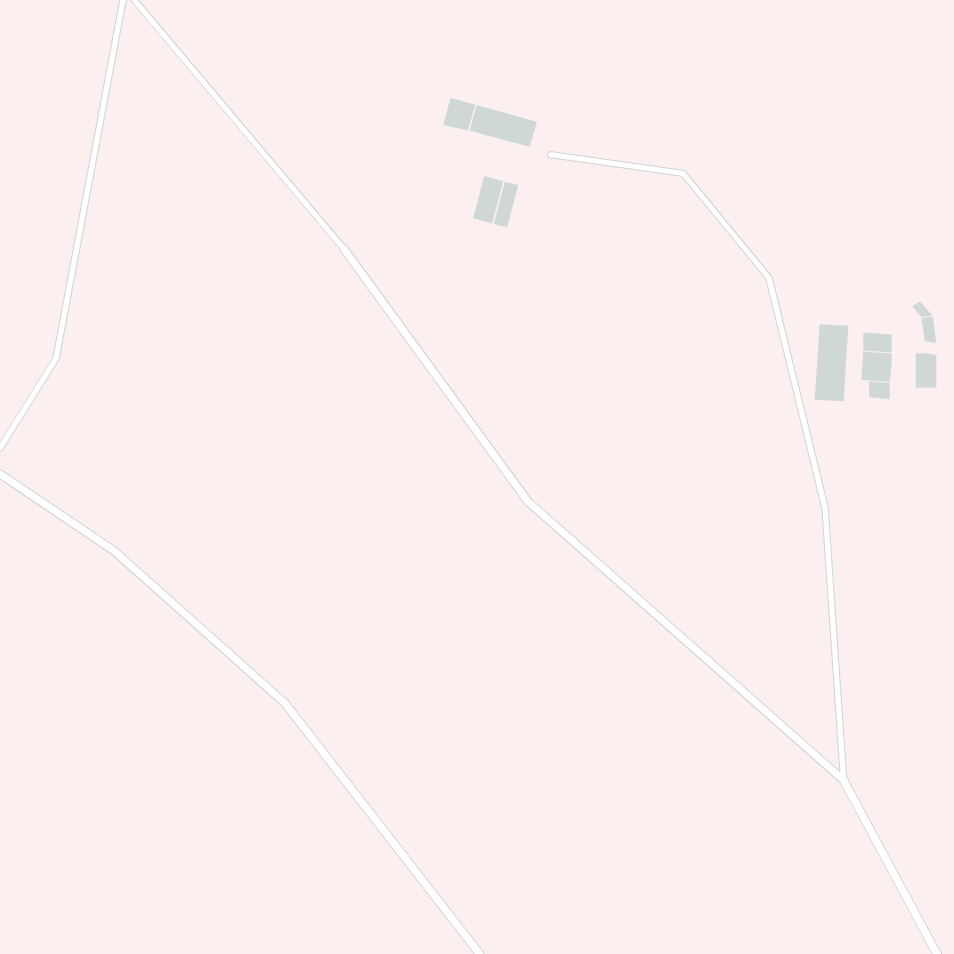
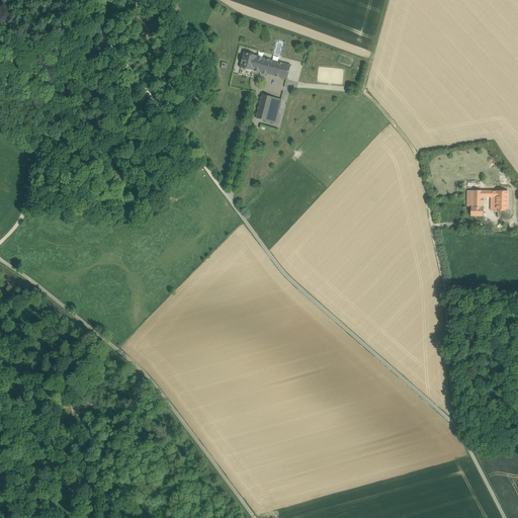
building: [814,324,849,402] -> none

